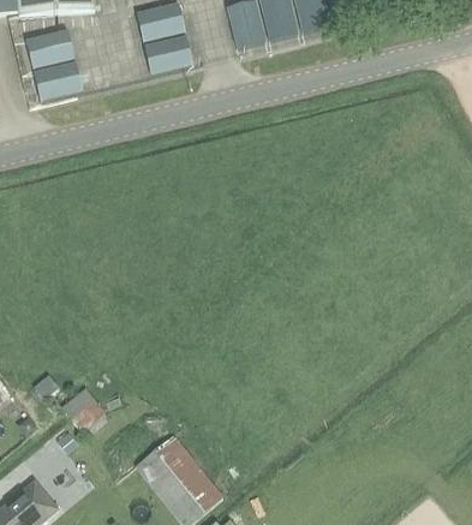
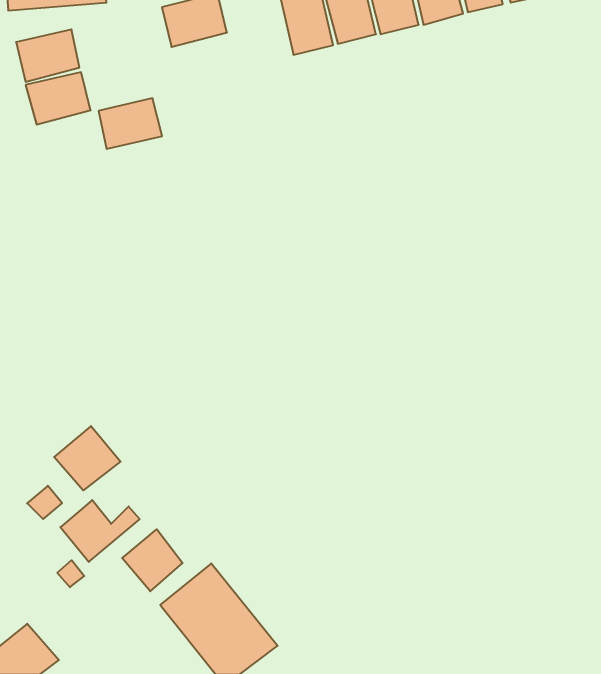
building: [144,35,192,73] -> [99,98,162,149]
building: none -> [54,426,121,490]
building: none -> [122,529,183,591]

